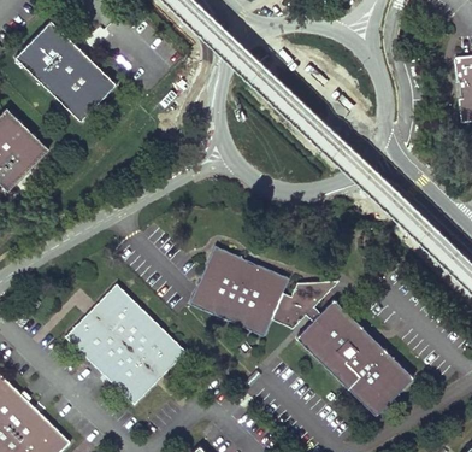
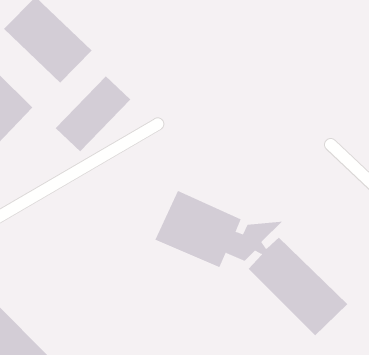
building: none -> [55,75,131,152]
building: [64,283,184,404] -> none

